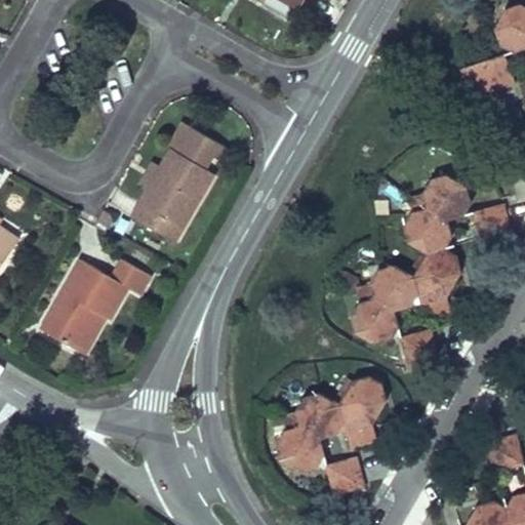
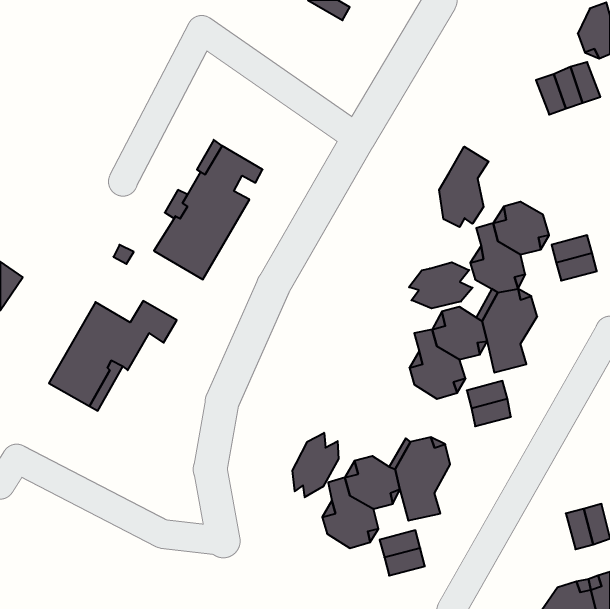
building: none -> [439,147,489,227]
building: none -> [409,262,473,308]
building: none -> [293,433,339,497]

